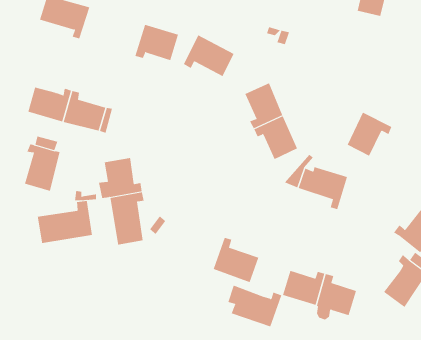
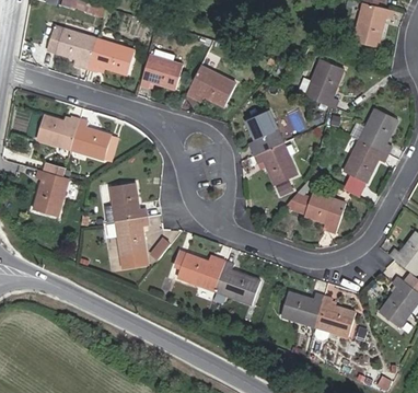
building: none -> [86,38,135,74]
building: none -> [305,61,342,107]
building: none -> [359,108,397,153]
building: [37,200,93,244] -> none
building: [228,285,282,327] -> [173,250,225,290]

